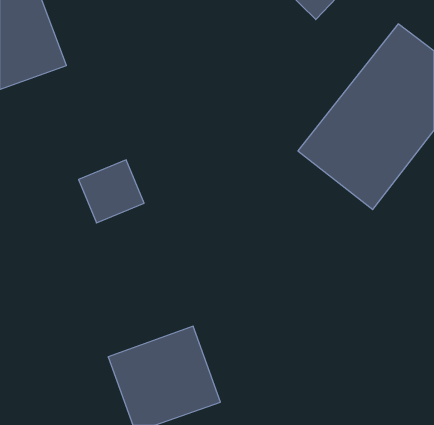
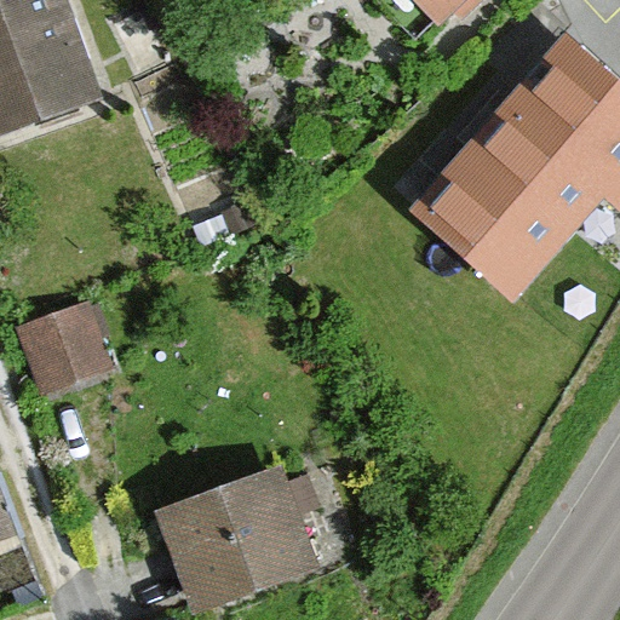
building: [79,160,144,223] -> [18,304,111,394]

